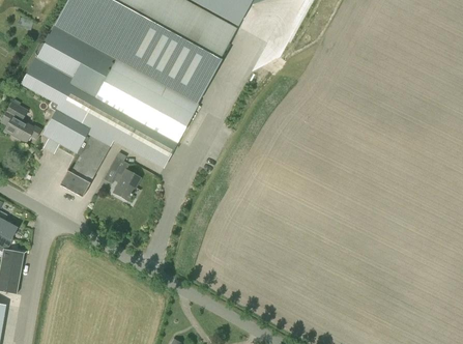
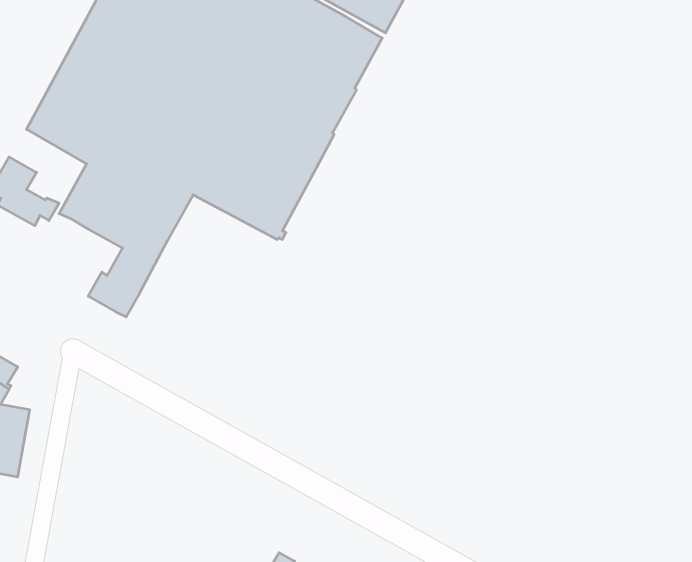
building: [110,153,142,197] -> none

